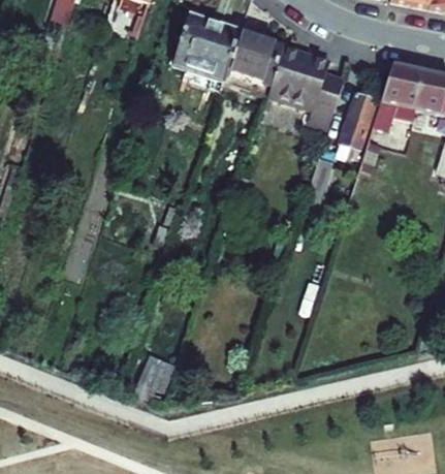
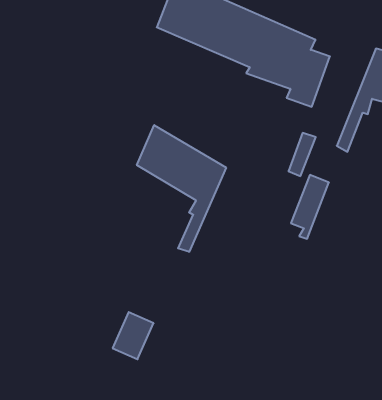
building: [338,90,373,154] -> [291,175,329,239]
building: none -> [137,125,226,252]

